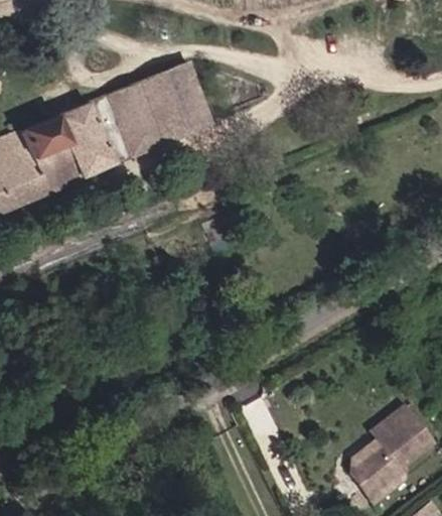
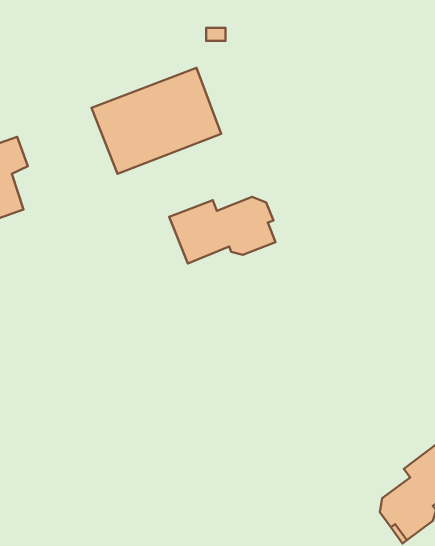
building: [12,102,111,197] -> none
building: none -> [169,197,276,263]

